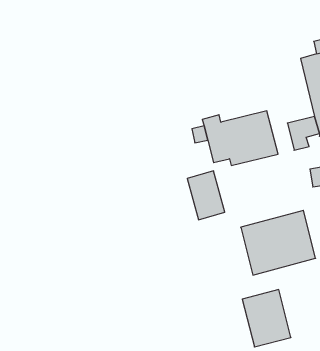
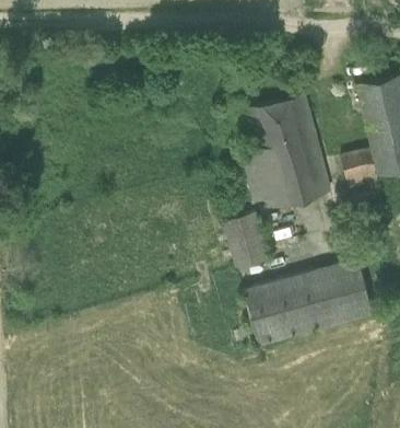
building: none -> [249,94,316,157]
building: [242,290,291,347] -> [243,279,299,346]

